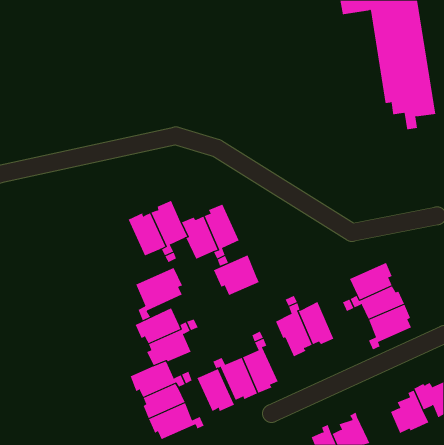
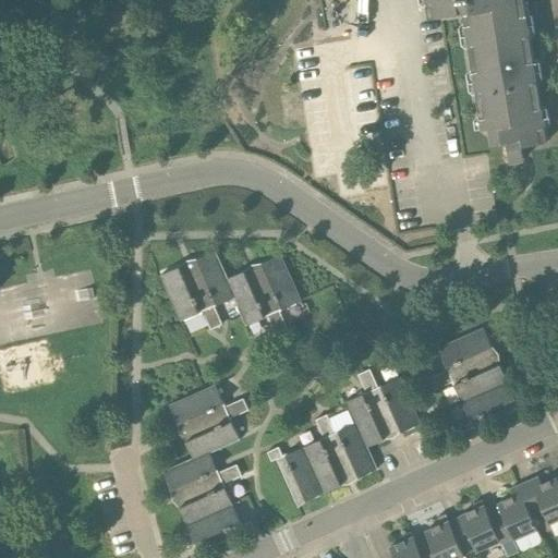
building: [213,255,259,296] -> none
building: [135,267,183,321] -> none
building: [196,368,235,412] -> [329,423,377,477]
building: none -> [446,499,499,551]

